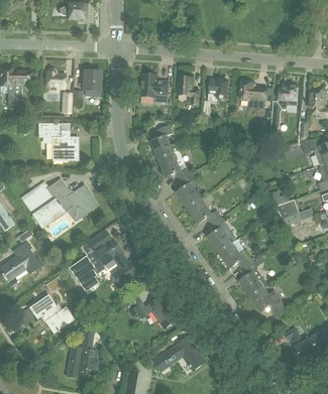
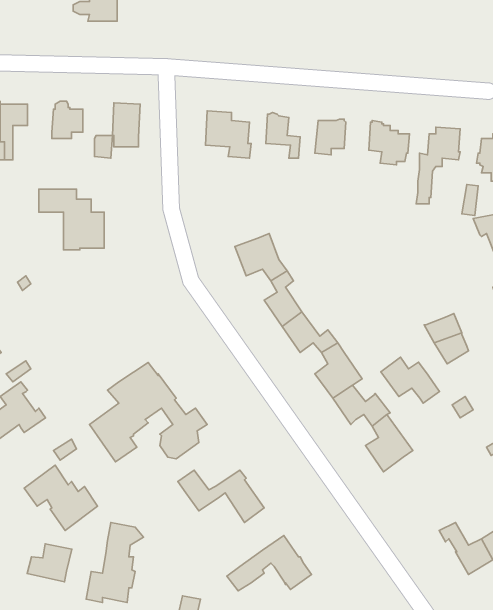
building: [151,124,180,157] -> none
building: [20,177,97,228] -> none
building: [250,287,287,315] -> [381,357,440,403]
building: none -> [27,544,72,582]

